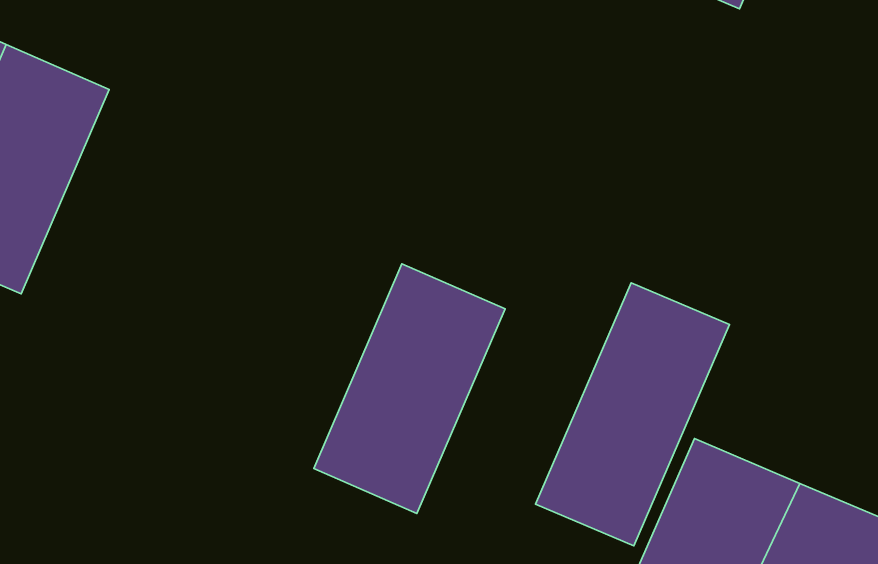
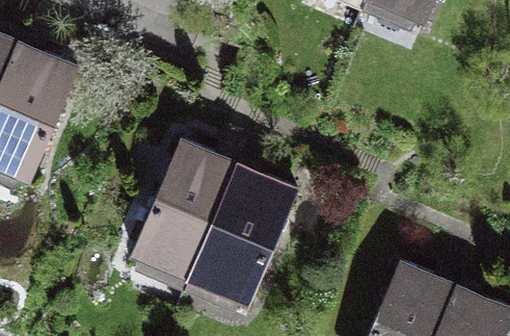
building: none -> [133,138,239,277]
building: [536,283,729,546] -> none

